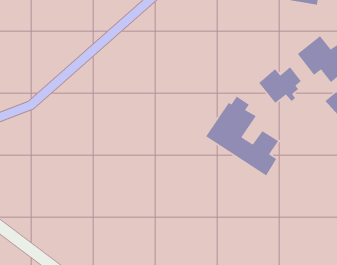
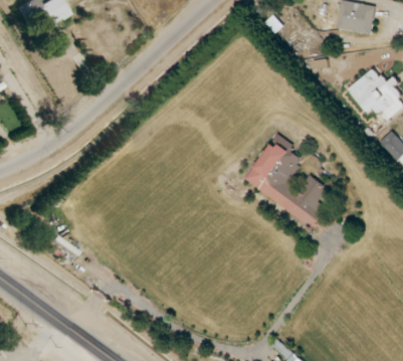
building: [258,66,302,104] -> none

